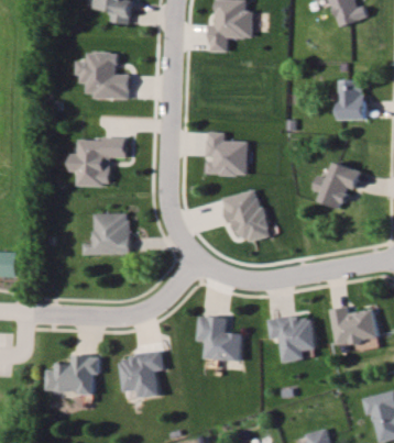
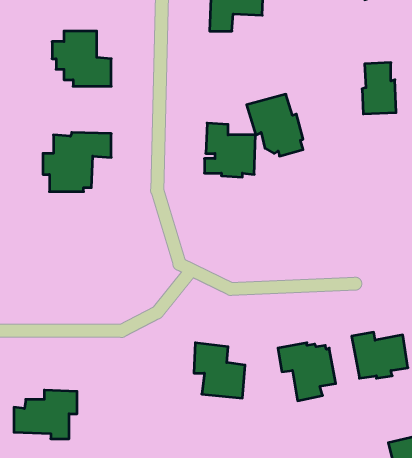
building: [314,160,363,208] -> none
building: [222,189,270,241] -> [247,94,303,156]
building: [81,212,132,255] -> none
building: [119,348,163,397] -> none

